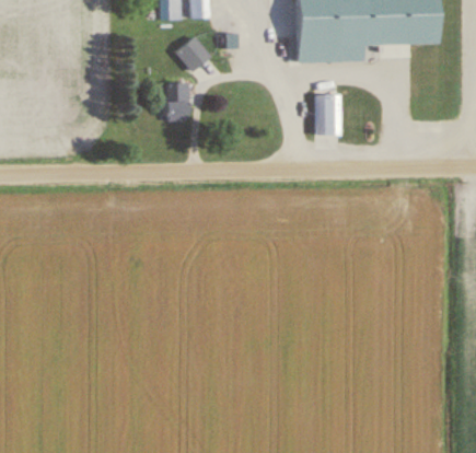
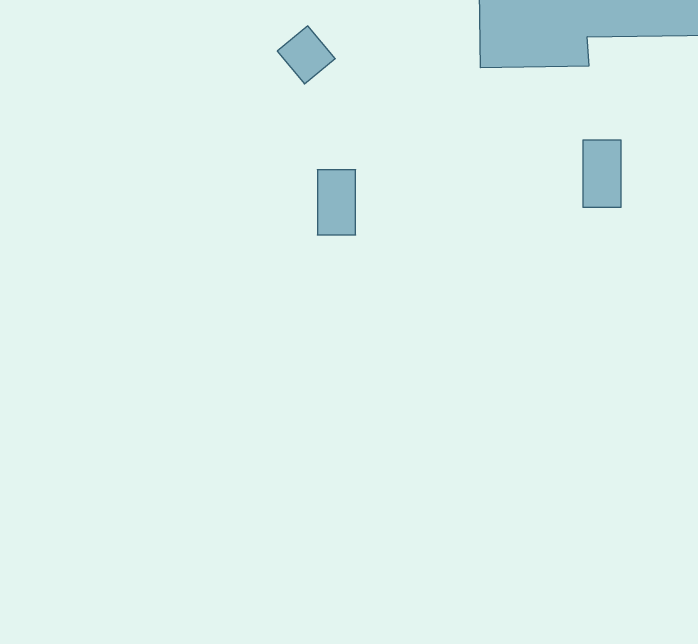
building: [165,82,188,121] -> [317,170,356,235]
building: [315,94,338,135] -> [583,140,621,207]

